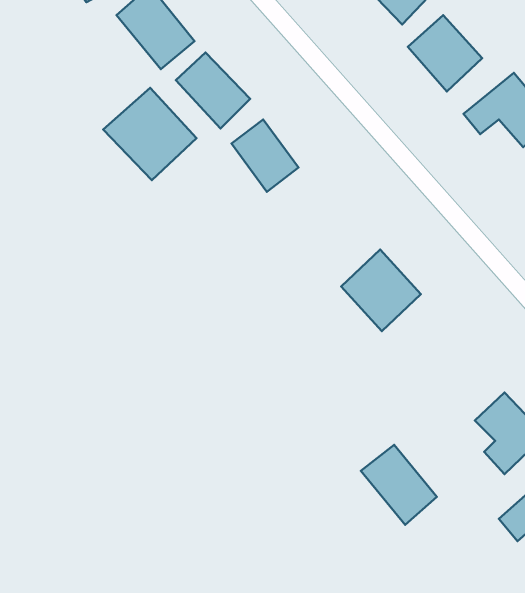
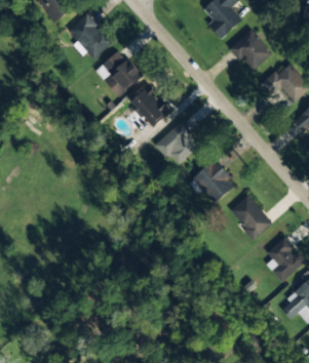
building: [103,88,197,180] -> none
building: none -> [154,120,200,165]
building: [361,445,437,525] -> [229,195,271,239]

